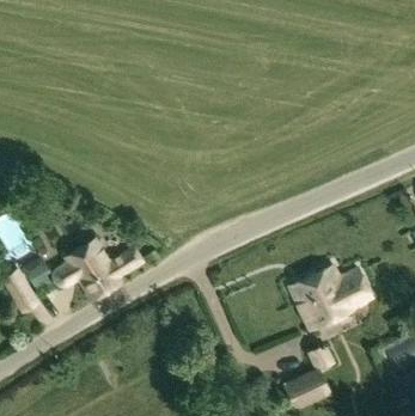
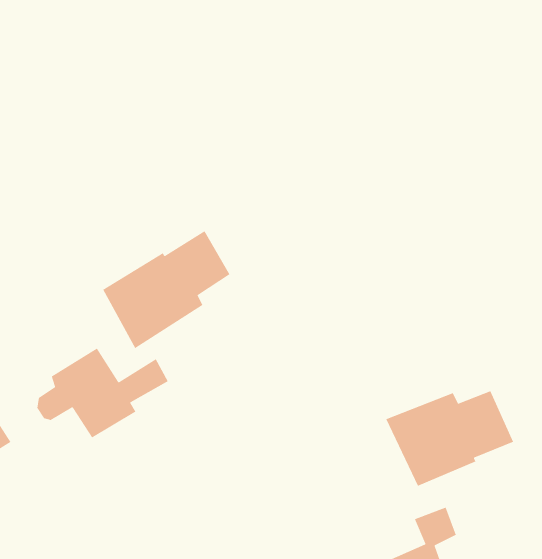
building: none -> [102,230,231,349]

